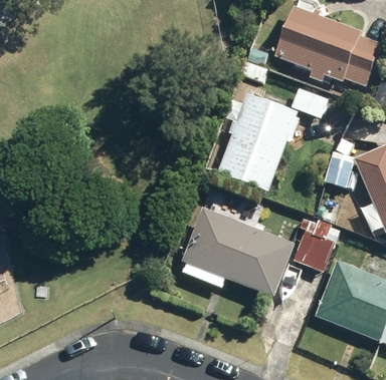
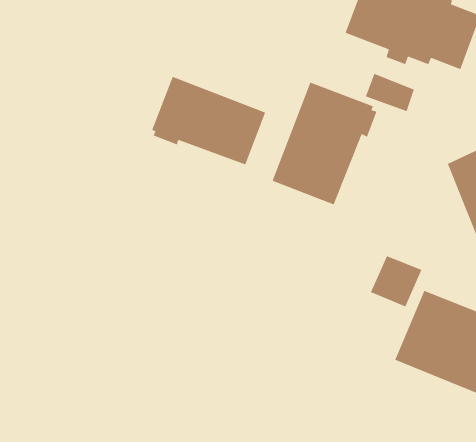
building: none -> [151,76,266,166]
building: [181,209,295,299] -> none

